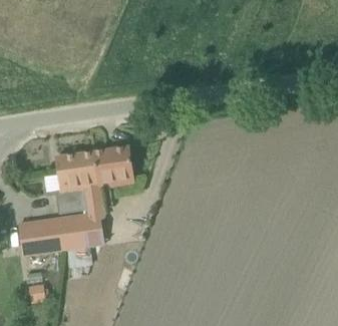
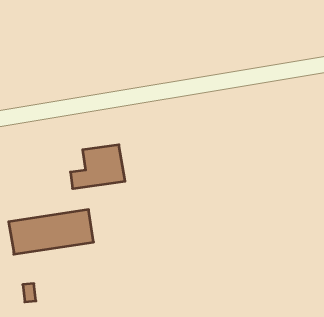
building: [55,150,94,212] -> none

